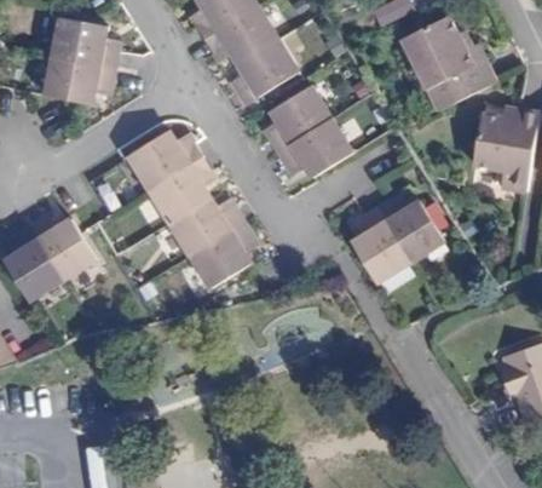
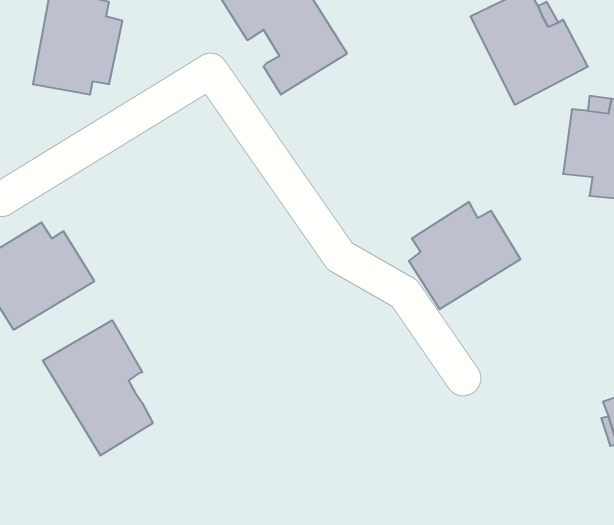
building: [261,85,351,176] -> none
building: [127,126,255,287] -> none
building: none -> [43,320,153,456]

